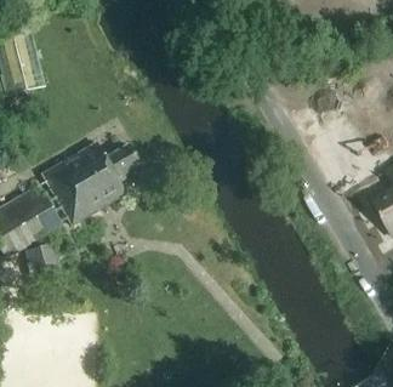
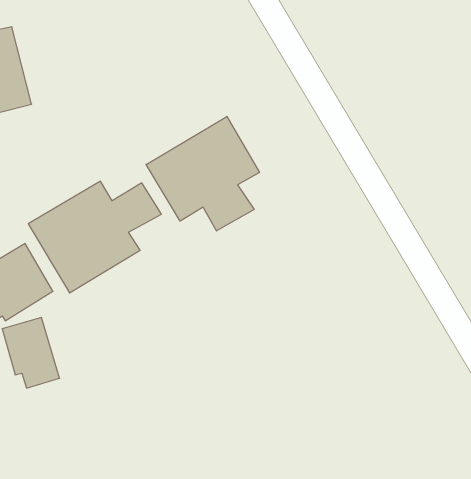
building: none -> [146,116,259,231]

